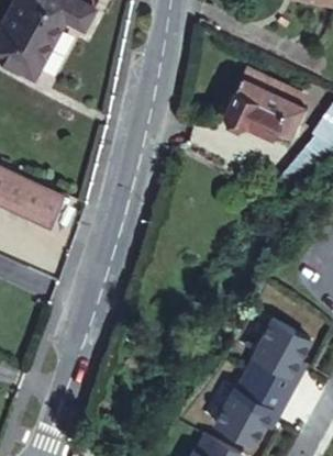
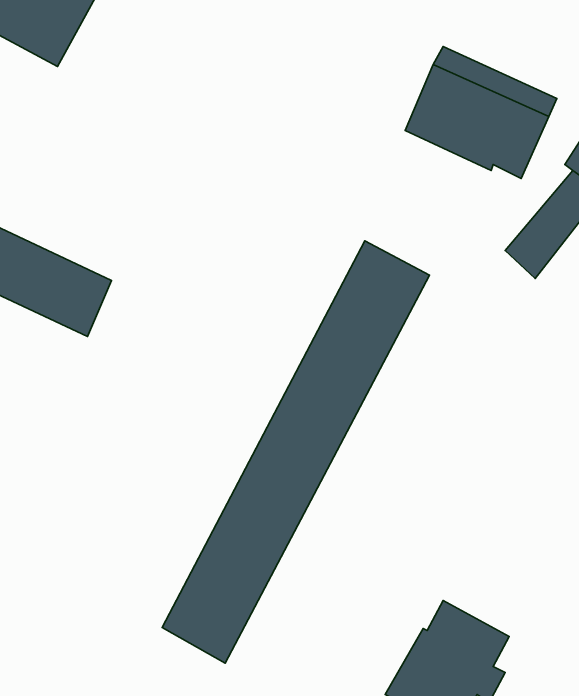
building: none -> [162,241,429,663]
building: [246,320,311,393] -> none

